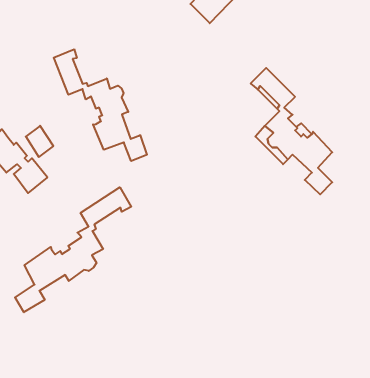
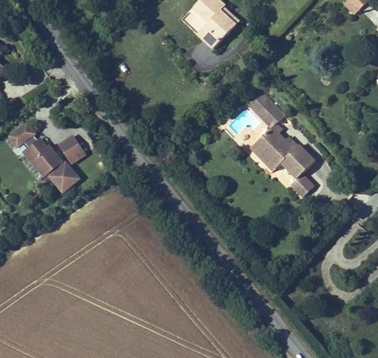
building: [54,49,147,161] -> none
building: [15,187,131,312] -> none

